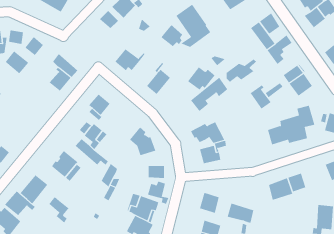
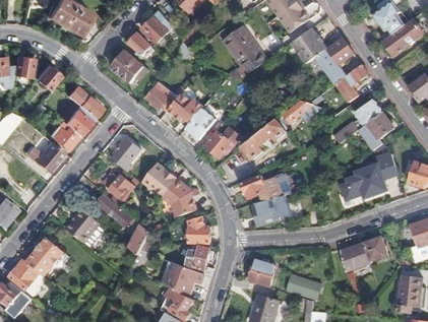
building: none -> [290,26,326,63]
building: none -> [110,49,147,83]
building: [161,24,183,47] -> [164,96,192,125]
building: [5,51,29,74] -> [47,119,77,148]
building: [187,67,216,90] -> [204,127,240,156]
building: [250,85,272,109] -> none
building: none -> [35,141,63,171]
building: none -> [141,162,177,194]
building: [48,196,69,223] -> none

